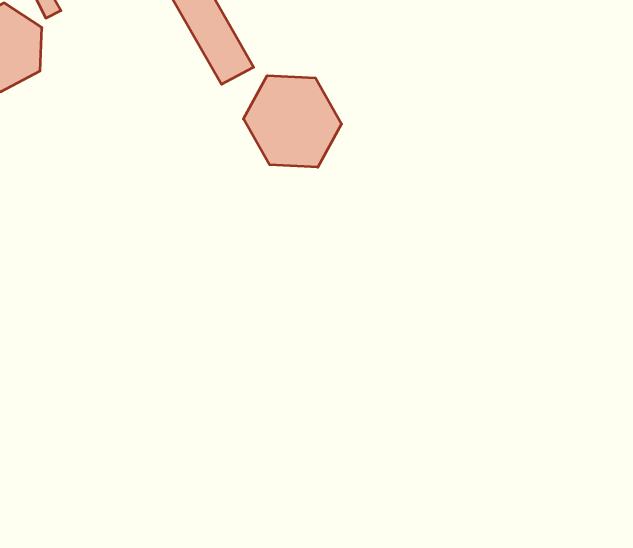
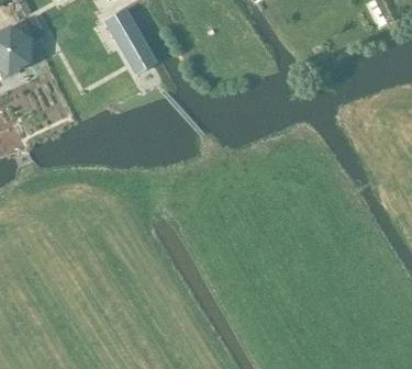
building: [243,76,342,167] -> none

